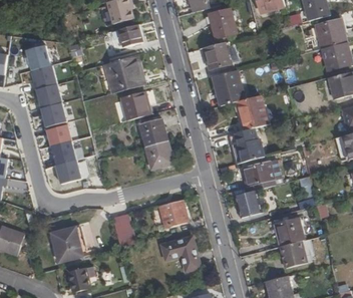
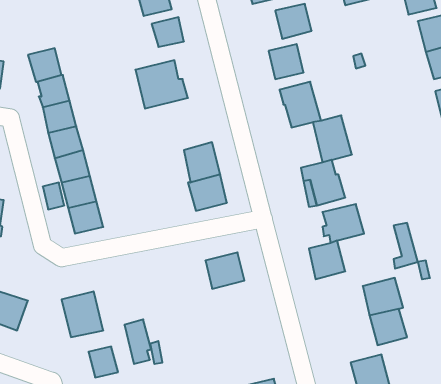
building: [117,89,149,119] -> none
building: [111,212,131,245] -> [124,319,151,364]
building: [160,235,200,270] -> none

